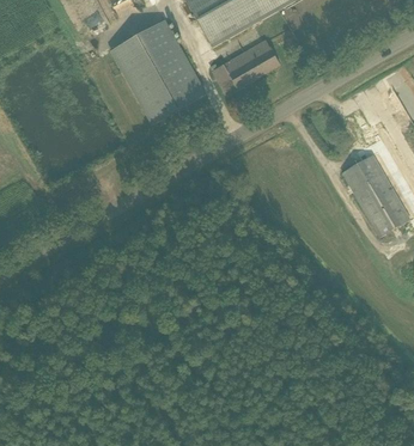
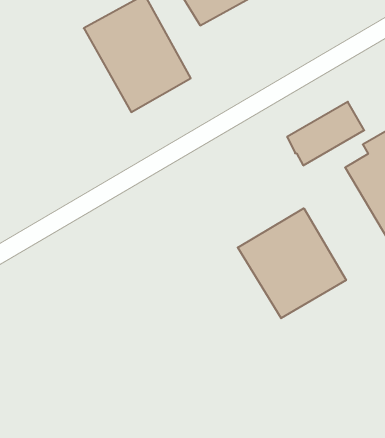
building: [211,38,279,94] -> [287,102,364,165]
building: none -> [238,208,346,318]

